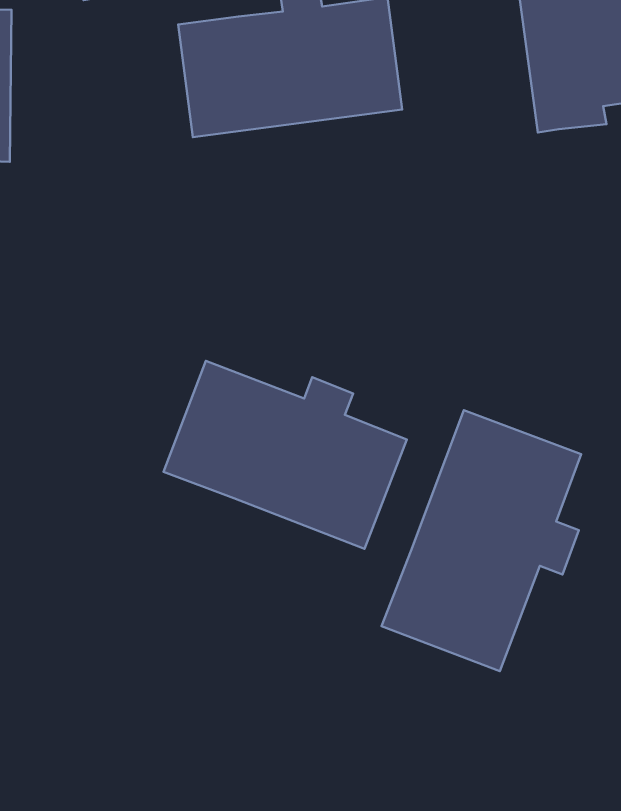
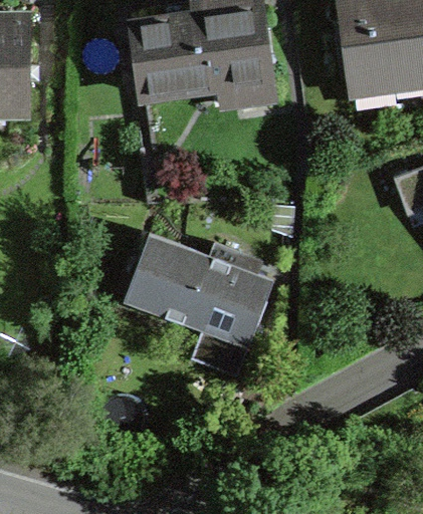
building: [381,410,581,671] -> none

